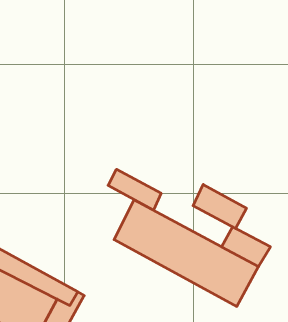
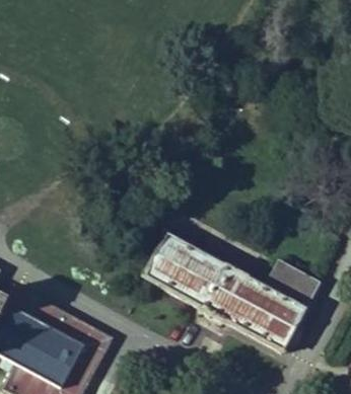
building: [108,169,161,210] -> none
building: [193,184,246,229] -> none

